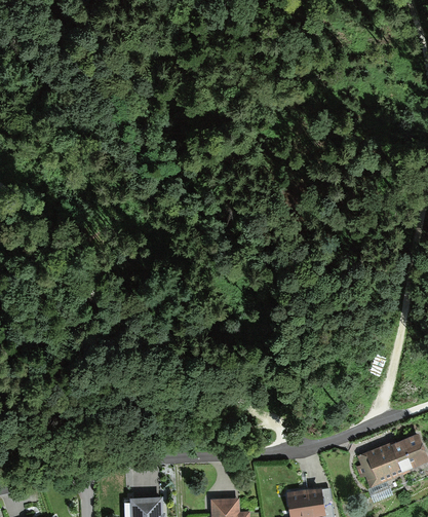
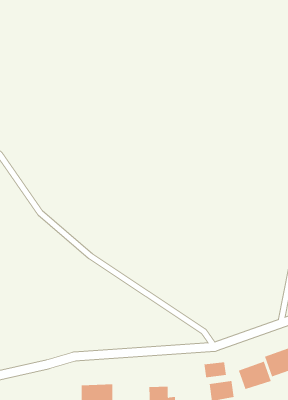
building: none -> [238,361,271,390]
building: none -> [204,362,226,378]

